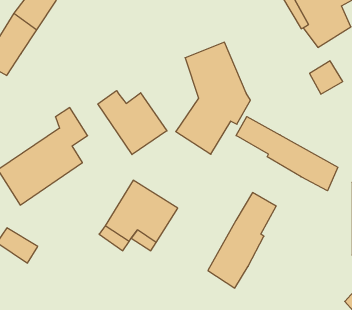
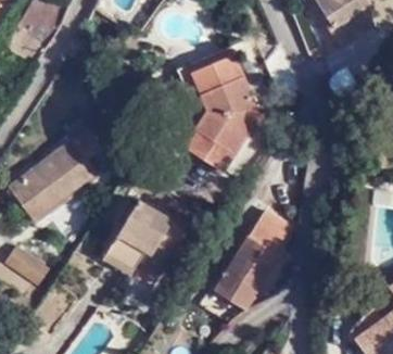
building: [98,91,167,155] -> none
building: [236,117,338,191] -> none

